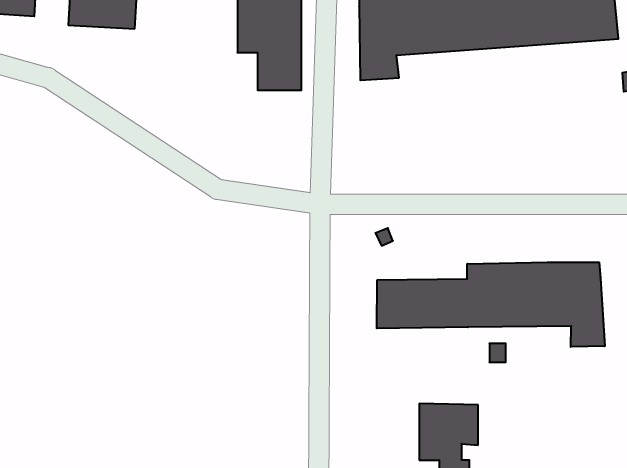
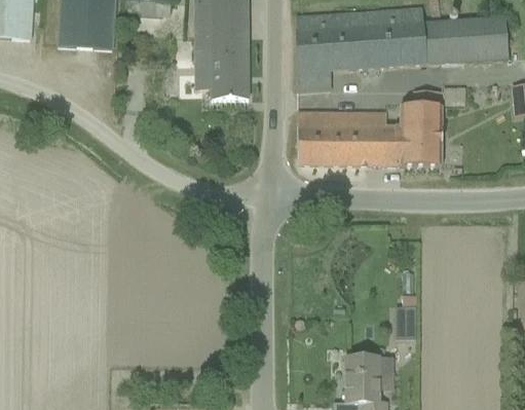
building: none -> [297,94,442,166]
building: [377,262,605,347] -> none

